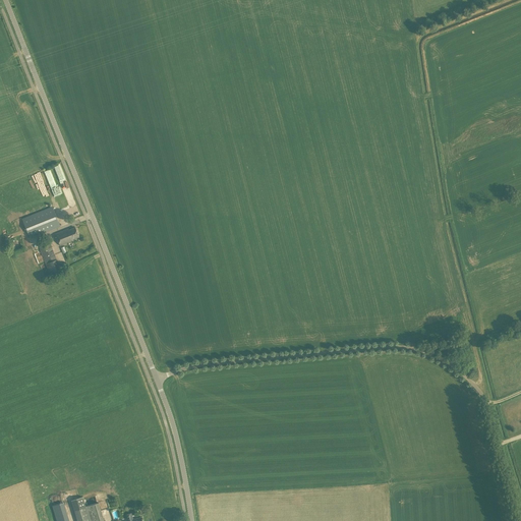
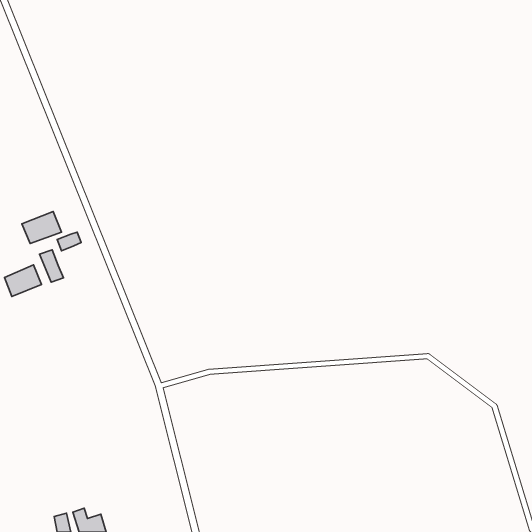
building: none -> [5,265,41,297]

